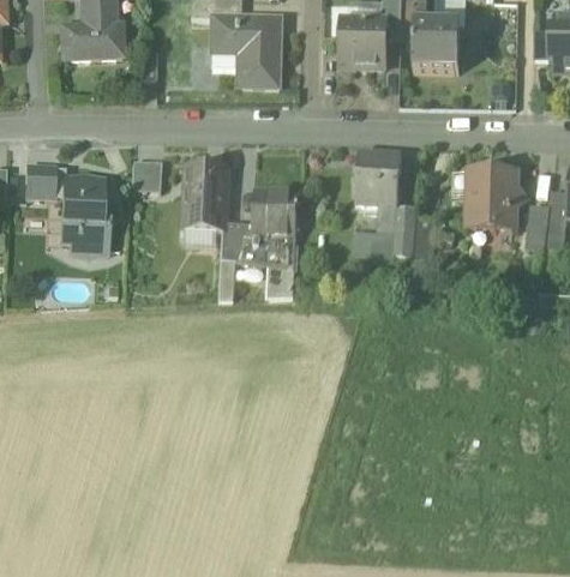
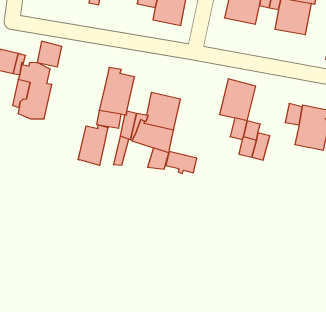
building: [132,158,163,191] -> [37,41,62,67]
building: [353,230,395,258] -> [166,152,197,173]
building: none -> [78,125,108,166]

